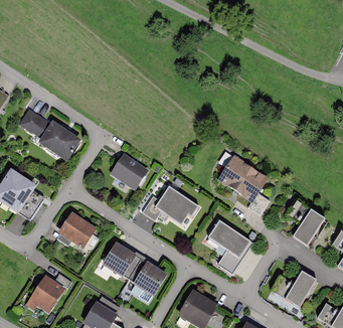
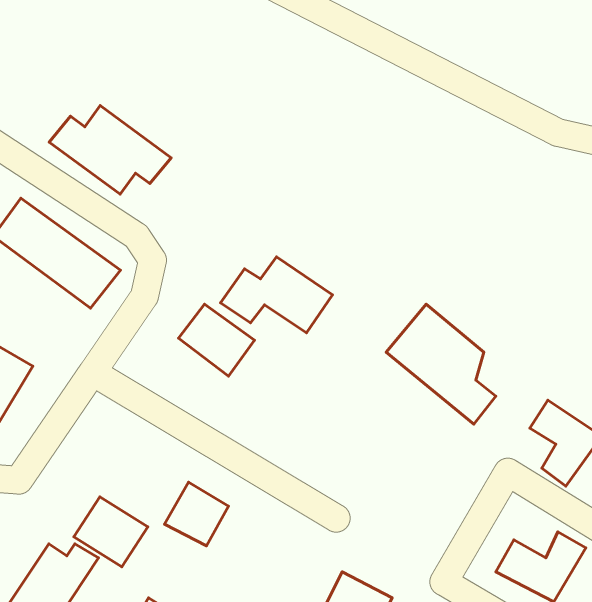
building: none -> [49,106,171,194]
building: [141,189,197,227] -> [221,257,332,333]
building: [59,214,97,250] -> [74,497,148,567]
building: [208,222,253,274] -> none
building: [134,263,166,295] -> none

